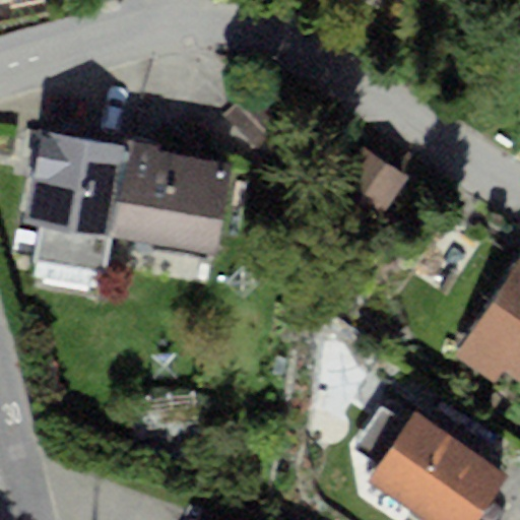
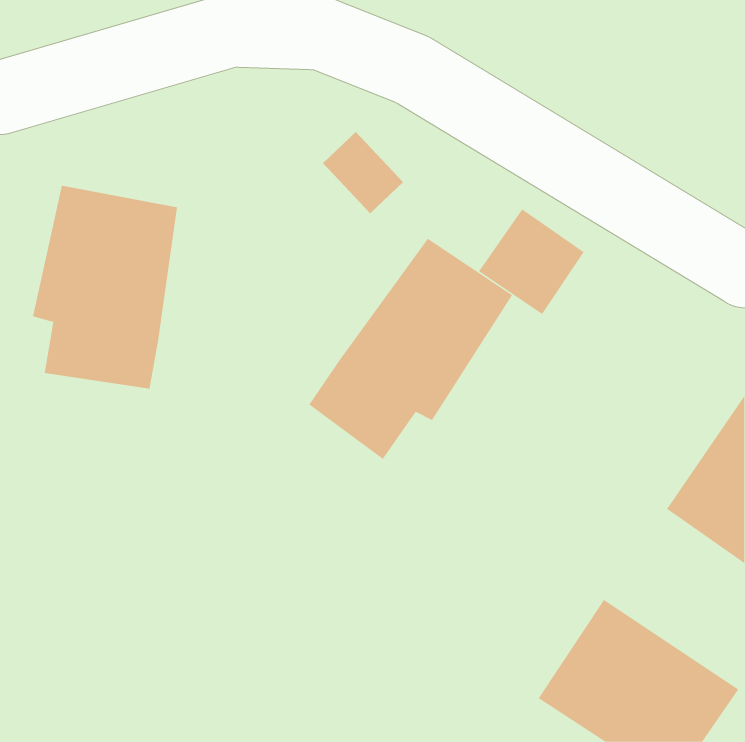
building: [111,137,233,254] -> none
building: none -> [308,238,513,460]

